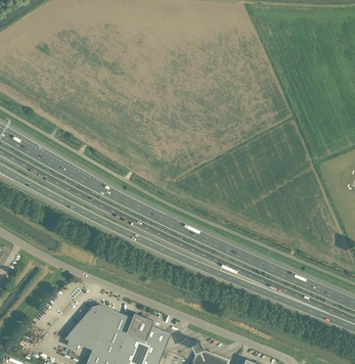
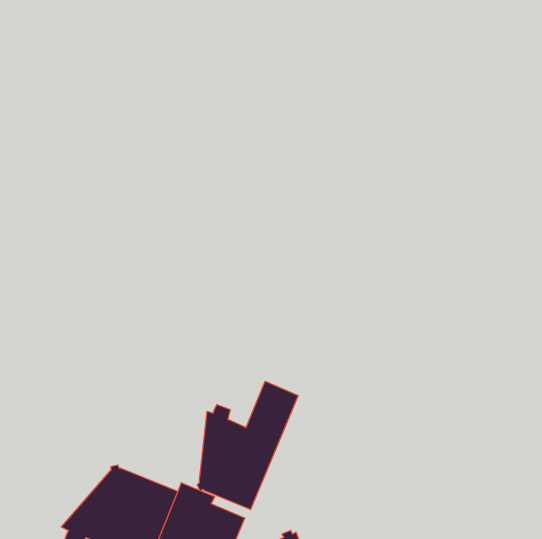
building: none -> [197,381,298,510]

